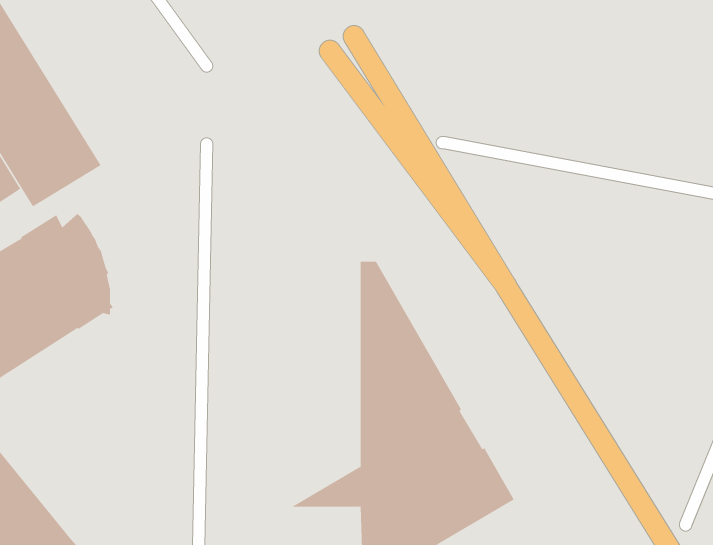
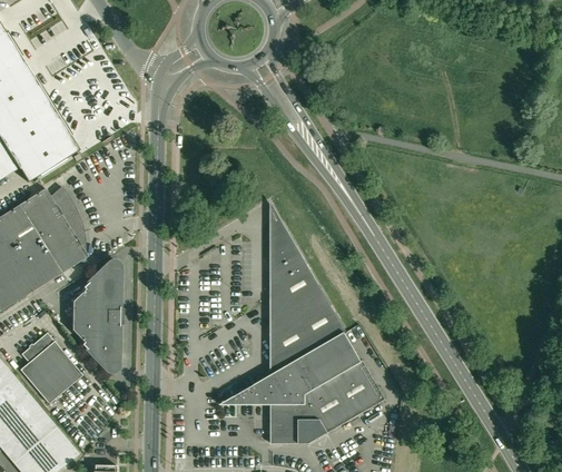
building: none -> [72,260,121,372]
building: none -> [20,332,82,403]

